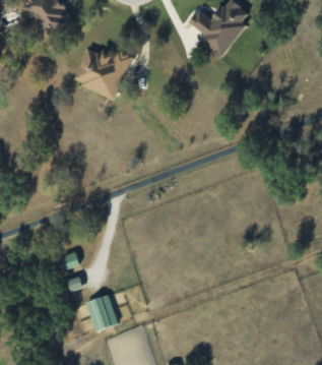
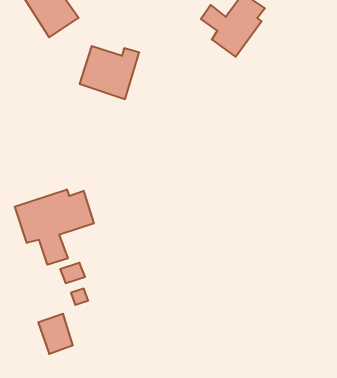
building: none -> [15,189,94,265]
building: [85,294,118,331] -> [38,314,73,354]

